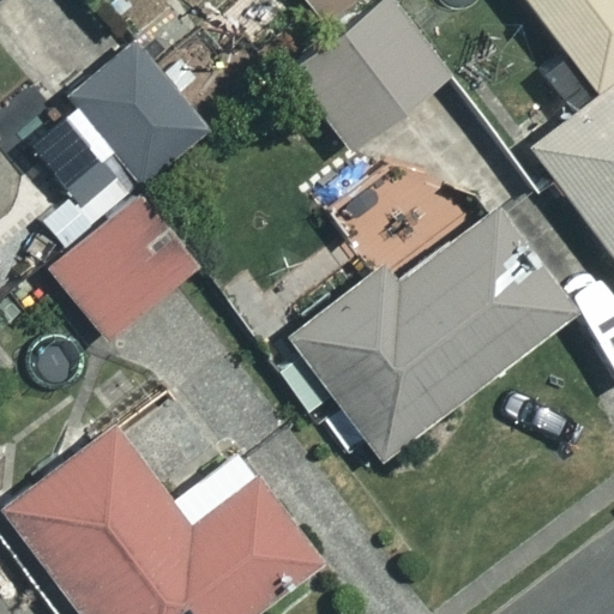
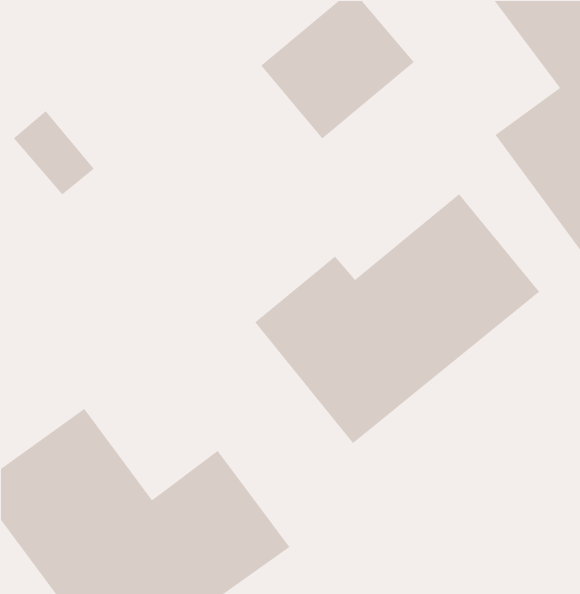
building: [70,44,206,183] -> none
building: [49,197,194,341] -> none

